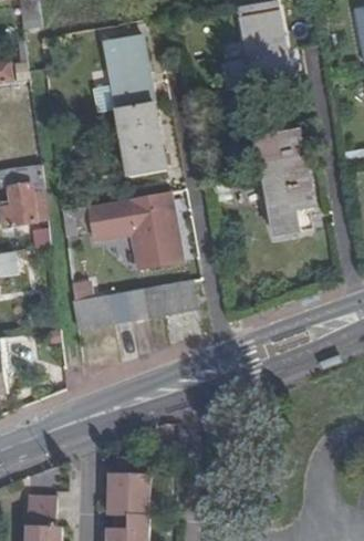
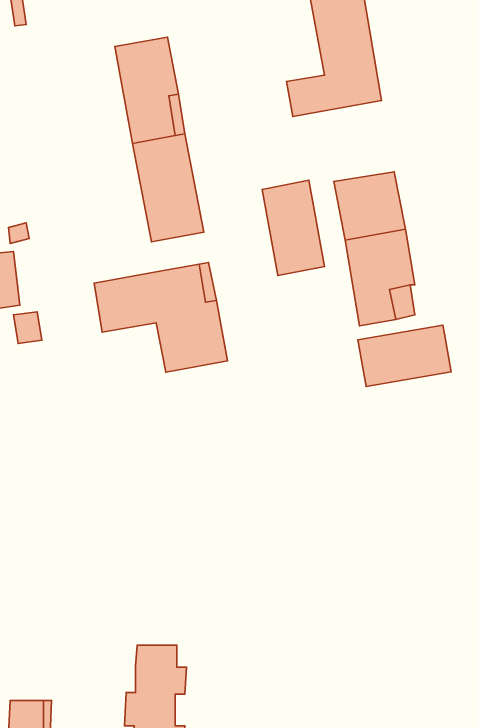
building: none -> [262,180,325,275]
building: none -> [358,325,451,387]
building: [73,280,197,330] -> none

